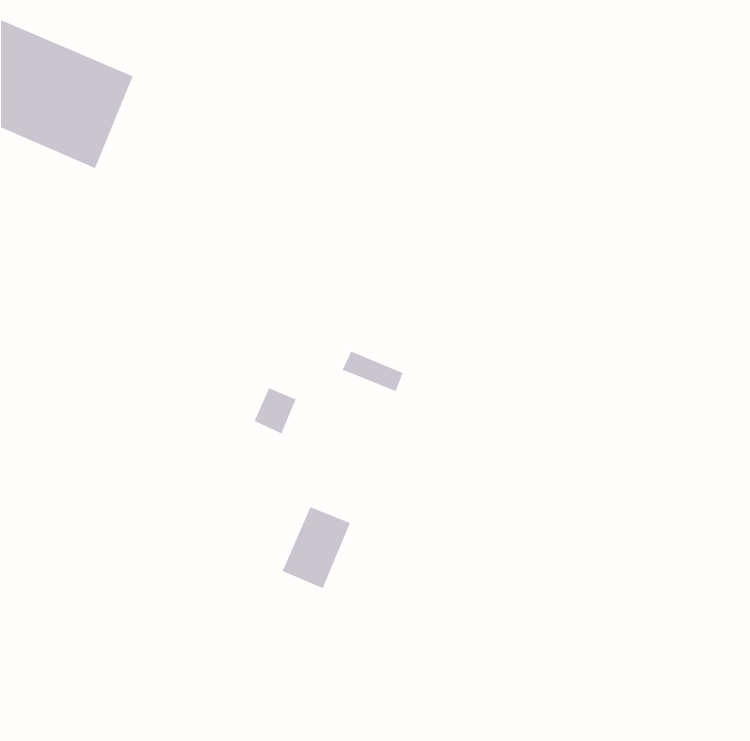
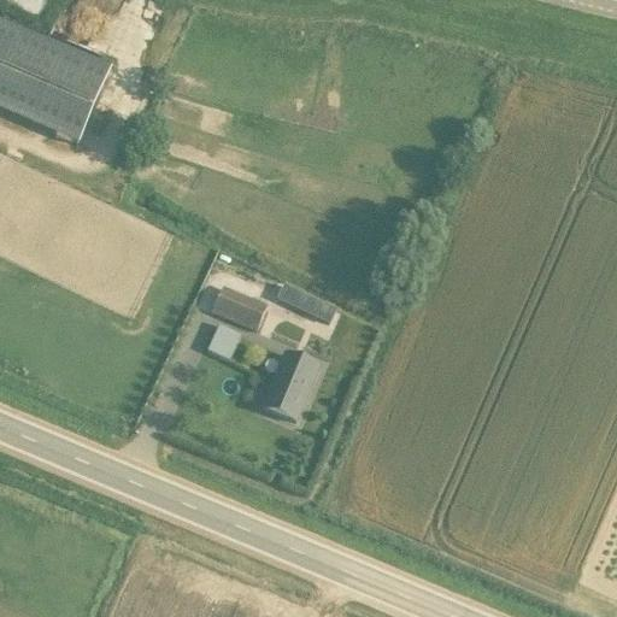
building: none -> [211,284,266,328]
building: [282,507,351,589] -> [262,351,318,418]

